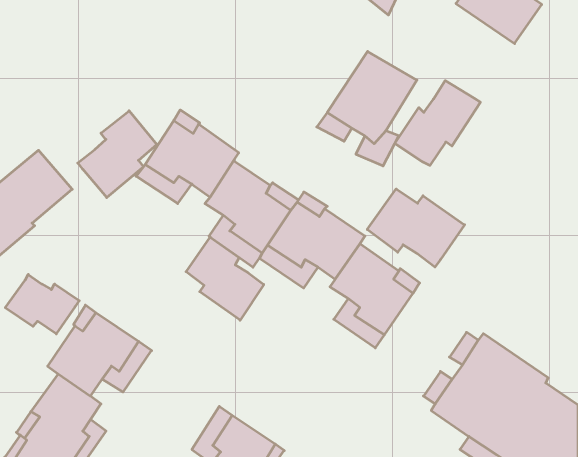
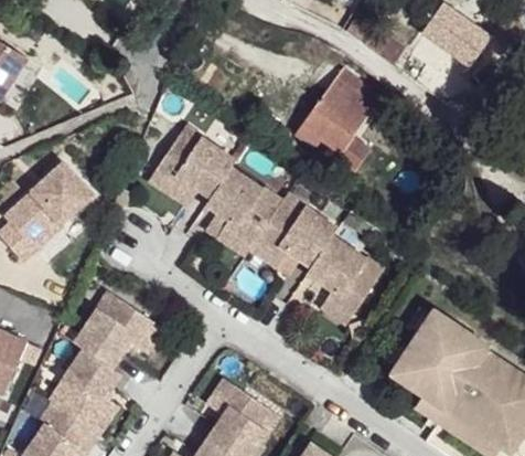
building: [395,81,480,165] -> none
building: [78,111,157,198] -> none
building: [367,189,465,267] -> none
building: [186,237,264,320] -> none
building: [5,274,79,334] -> none

